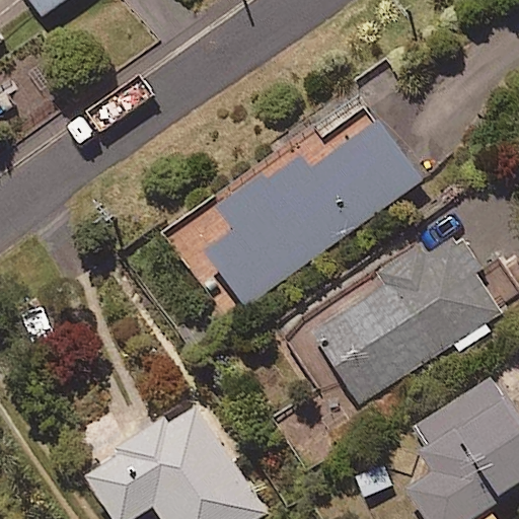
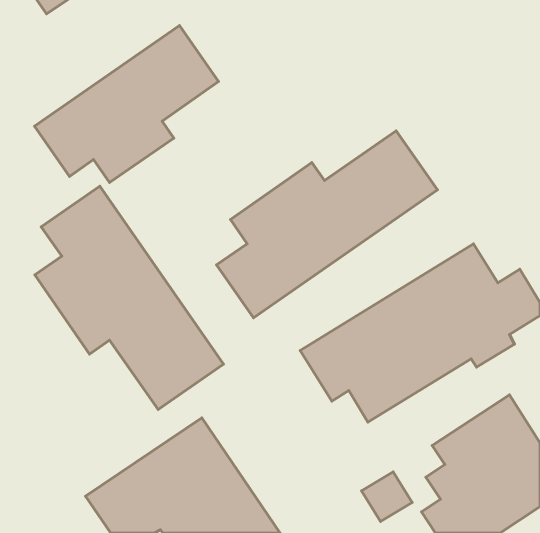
building: none -> [35,26,219,183]
building: none -> [35,186,223,409]

